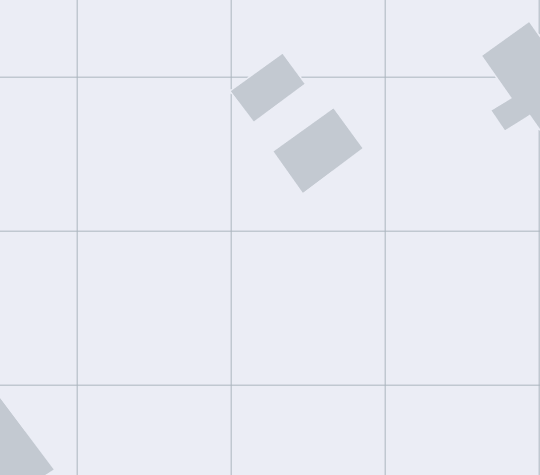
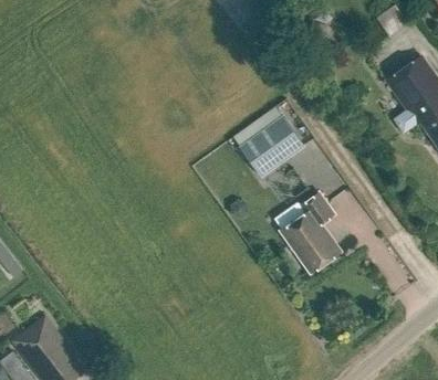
building: [230,53,306,123] -> none
building: none -> [278,192,341,273]

